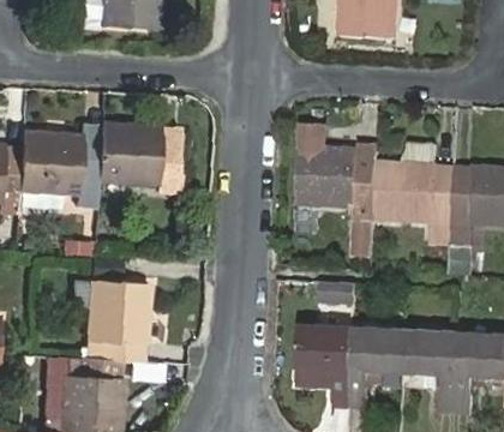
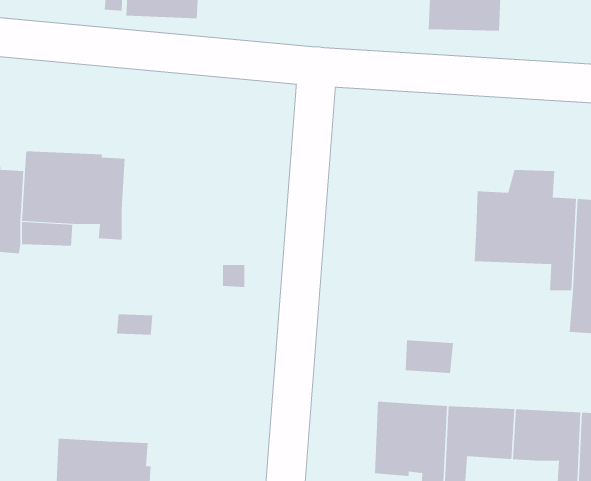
building: [100,121,184,187] -> none
building: [296,124,378,221] -> none
building: [89,278,149,361] -> none

